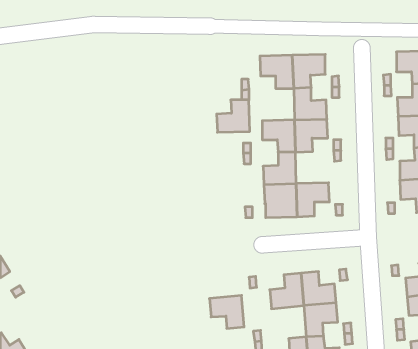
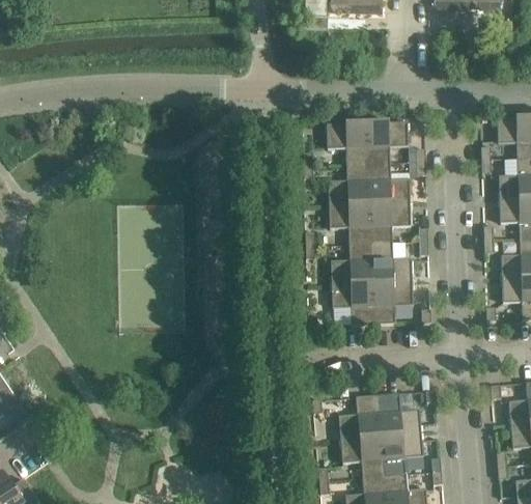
building: [217,100,250,132] -> [328,163,369,203]
building: none -> [370,242,412,282]
building: [209,295,244,328] -> [340,435,384,476]

